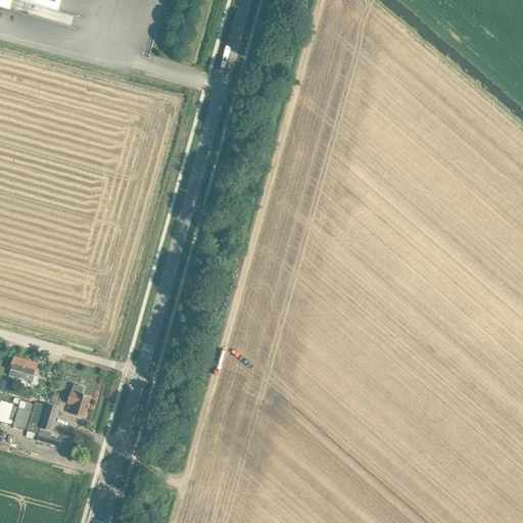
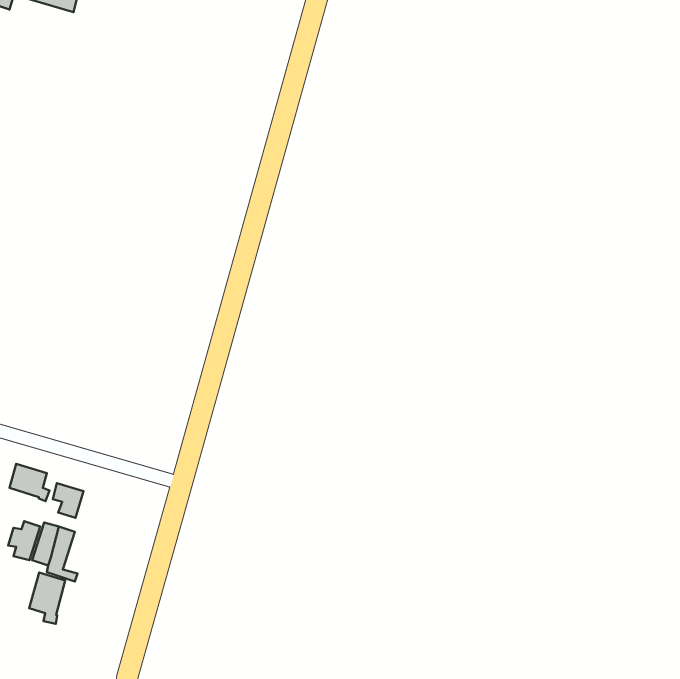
building: [65,389,89,416] -> [53,483,84,518]
building: none -> [29,573,65,624]

